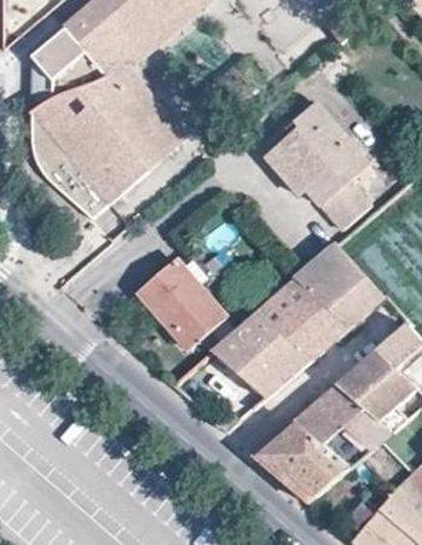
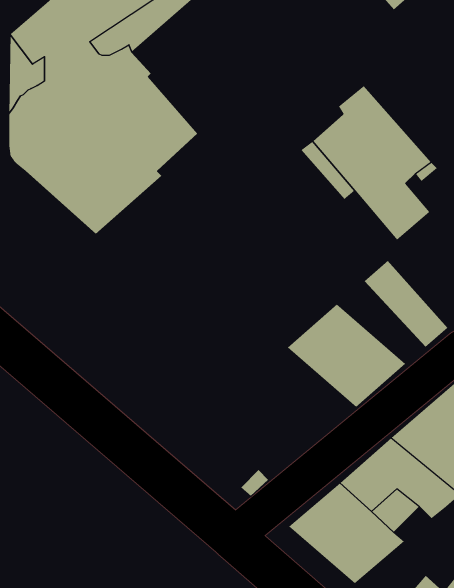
building: [139,257,225,346] -> none
building: [294,259,365,325] -> none
building: [212,312,310,396] -> none

